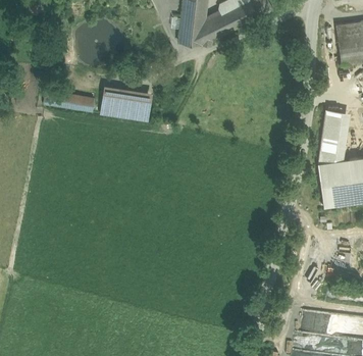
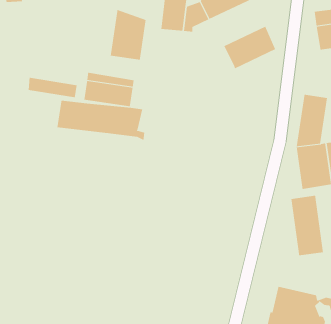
building: none -> [110,9,146,60]
building: none -> [223,26,276,69]
building: none -> [57,100,145,141]
building: none -> [291,195,324,256]

